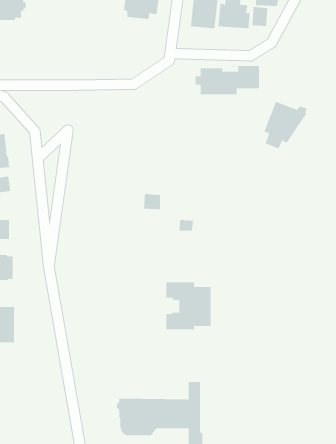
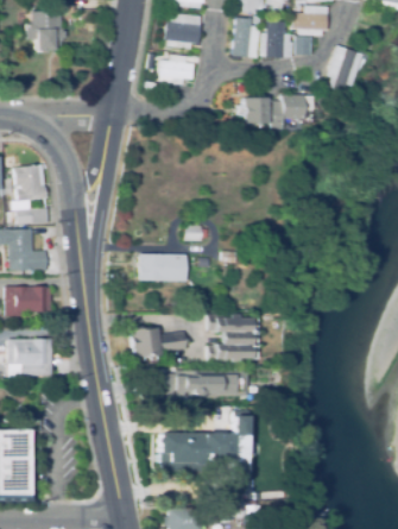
building: none -> [159,55,192,84]
building: [264,101,307,149] -> [323,44,367,93]
building: none -> [139,254,185,282]
building: none -> [129,327,184,358]
building: none -> [165,372,244,398]

